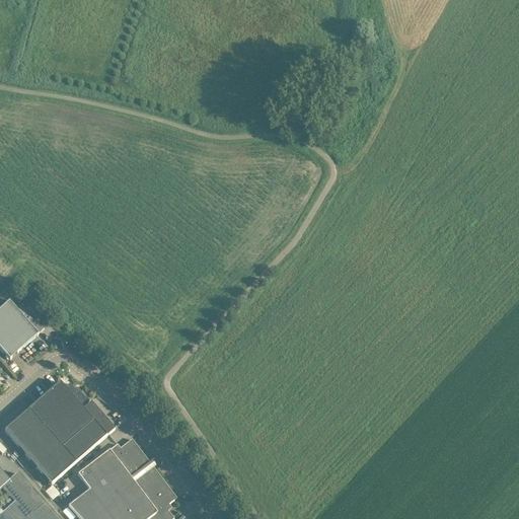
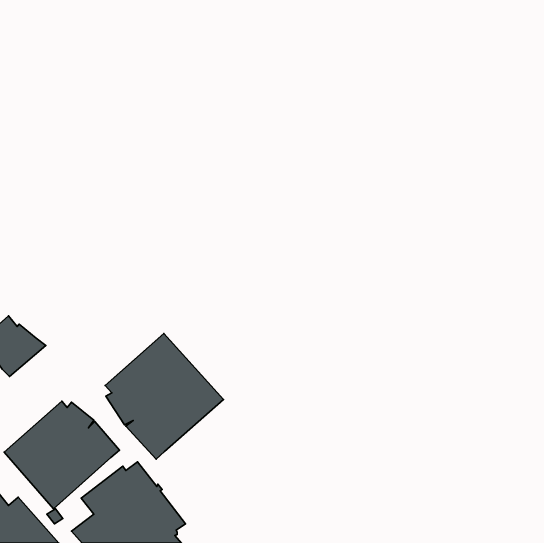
building: none -> [105,333,223,459]

